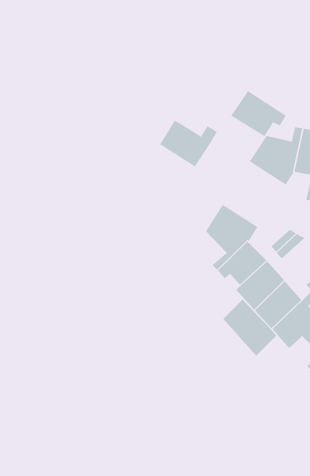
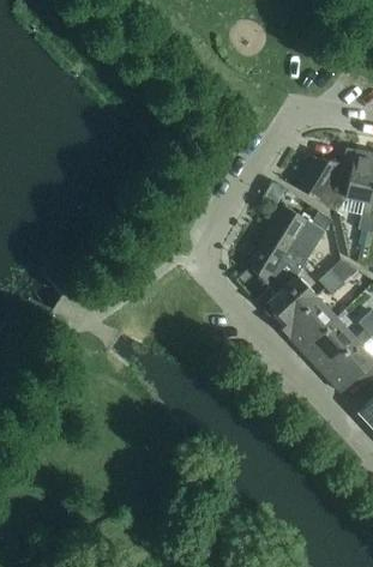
building: [230,90,287,137] -> none
building: [159,120,218,167] -> [269,206,333,259]
building: [222,299,277,357] -> none

